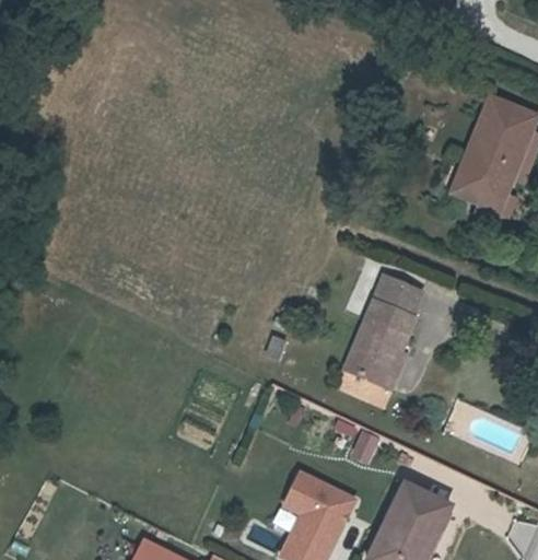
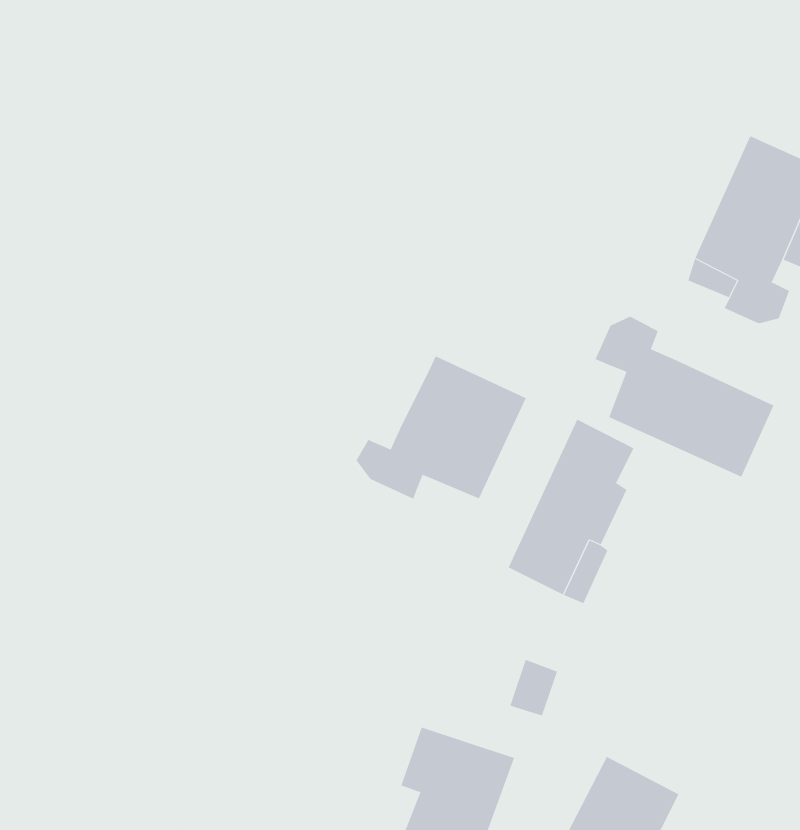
building: none -> [595,316,774,478]
building: none -> [356,356,526,500]

